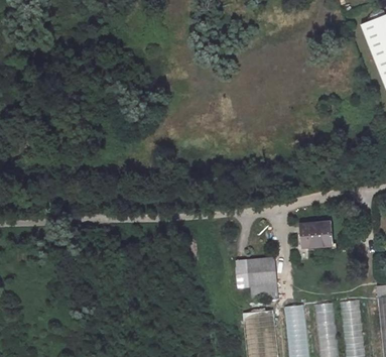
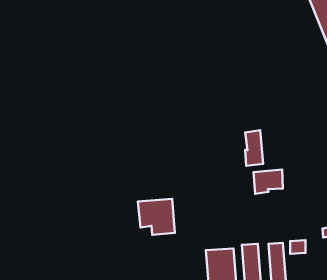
building: none -> [245,130,263,166]
building: [236,256,277,296] -> [138,199,175,235]

